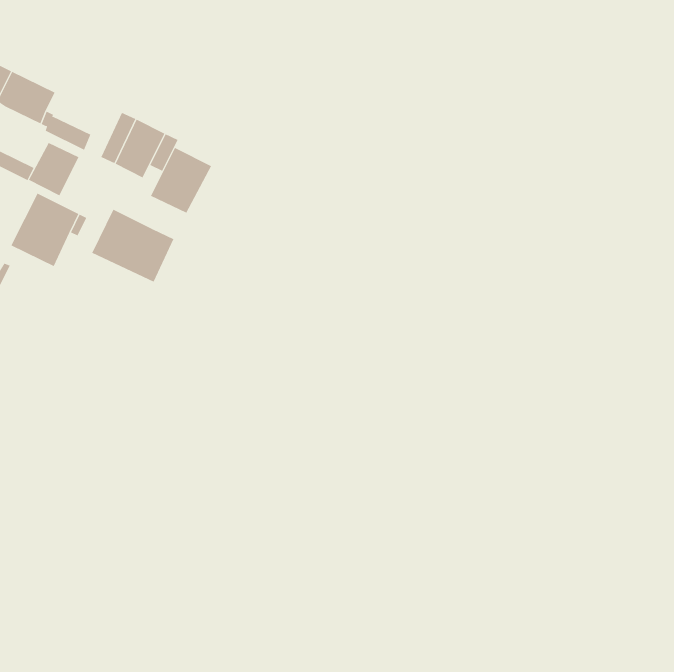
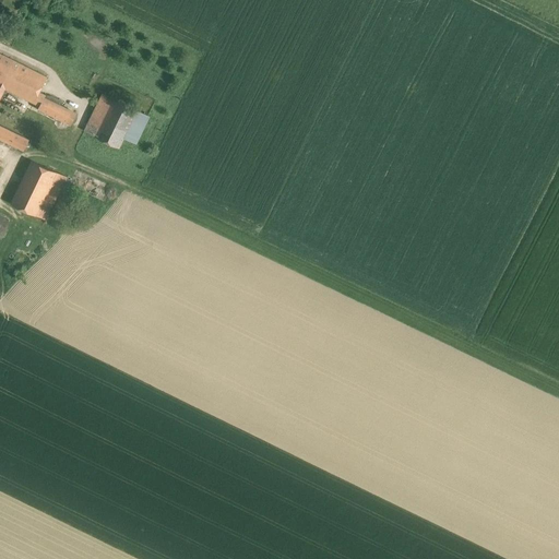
building: [28,142,79,196] -> none
building: [150,147,212,214] -> none
building: [92,209,174,282] -> none

